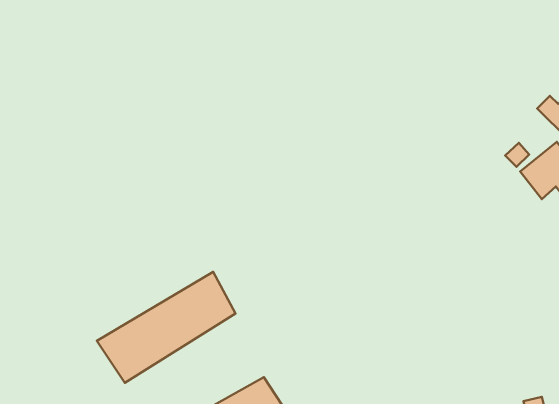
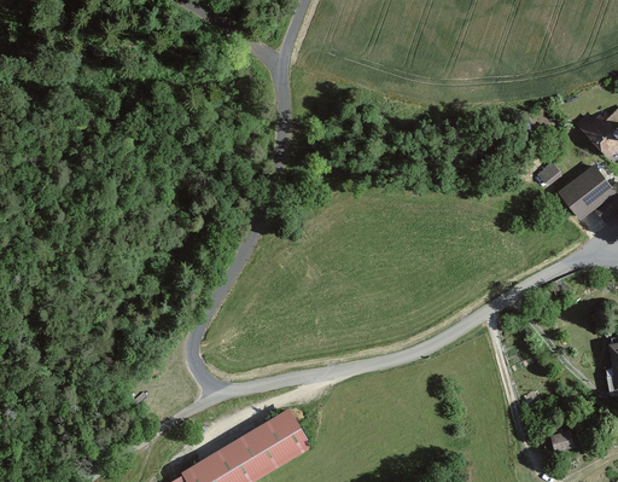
building: [97,272,235,383] -> none

